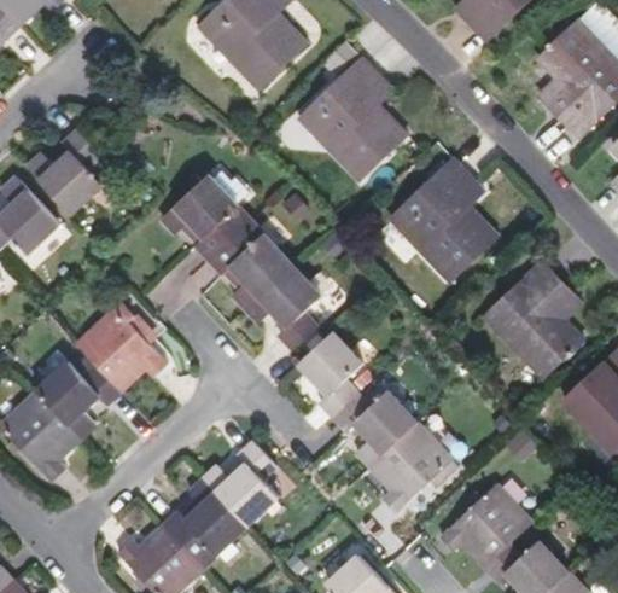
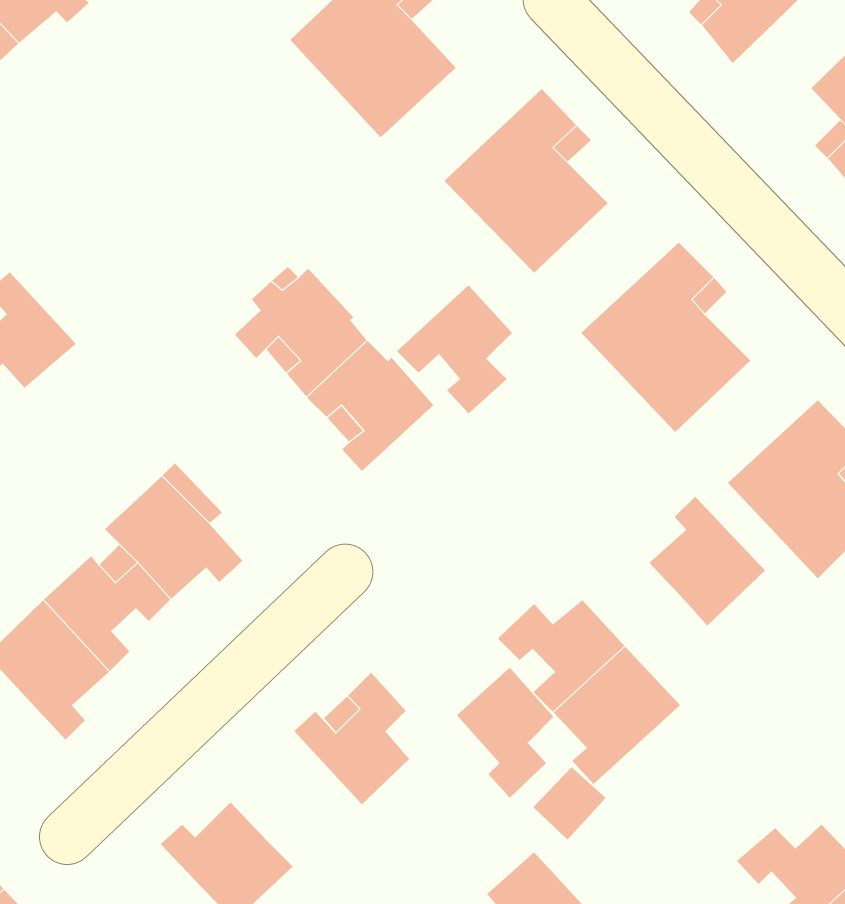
building: [27,129,100,214] -> none
building: [245,264,321,349] -> [396,285,513,414]
building: none -> [649,496,766,626]
building: [298,331,362,417] -> [456,667,554,798]
building: [159,477,245,553] -> none
building: [445,481,536,562] -> none

